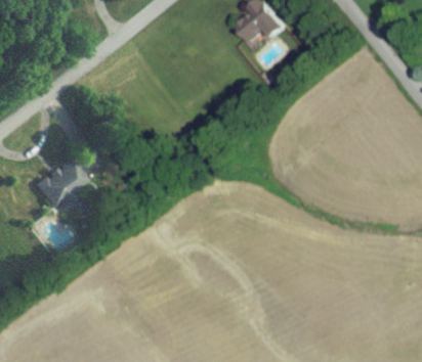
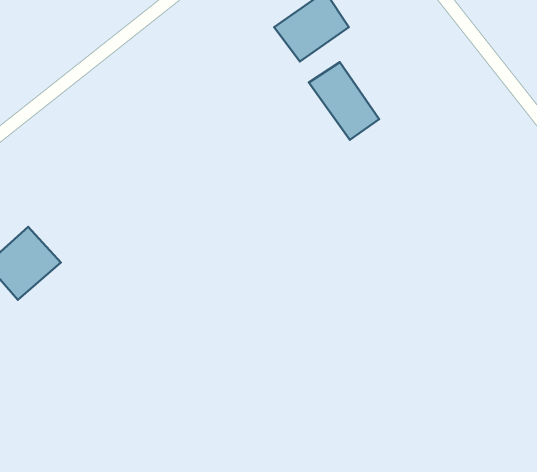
building: none -> [309,62,379,140]

